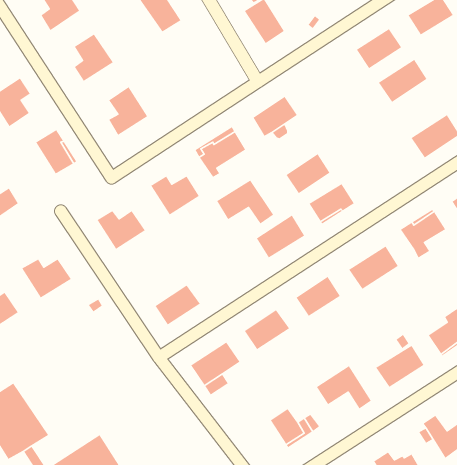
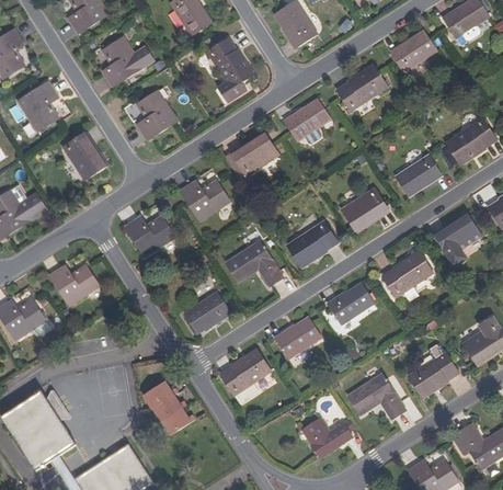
building: none -> [206,37,252,101]
building: [378,59,427,103] -> [336,66,387,111]
building: [285,153,331,194] -> [396,155,442,196]
building: [216,179,274,225] -> [226,240,285,286]
building: none -> [144,381,194,435]

